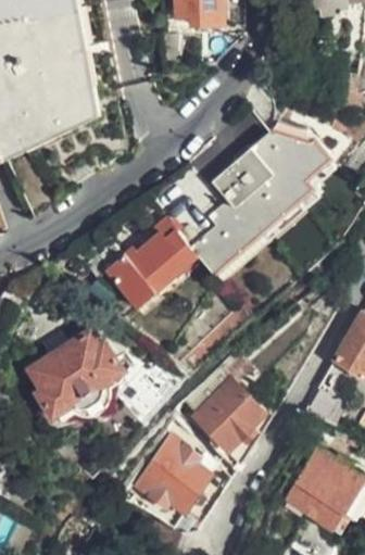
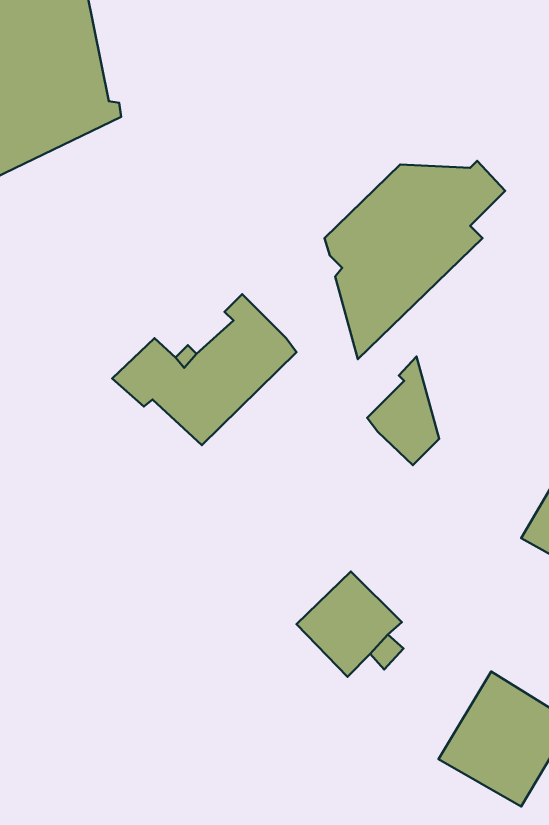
building: [190,203,235,270] -> [367,356,439,465]
building: [30,335,123,418] -> none
building: [137,440,210,515] -> none

